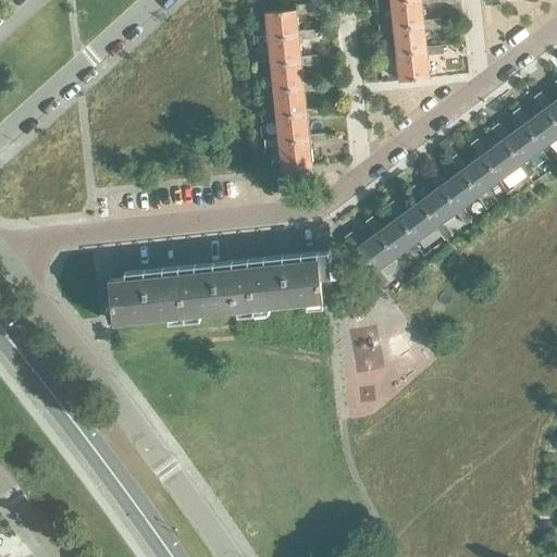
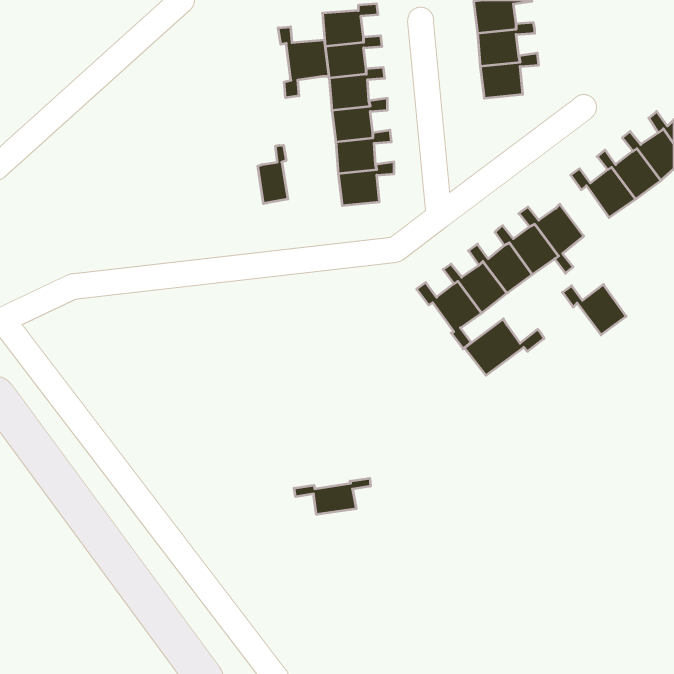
building: none -> [278,27,329,98]
building: none -> [258,145,288,204]
building: [447,156,499,197] -> [562,284,626,335]
building: [107,250,339,324] -> none
building: none -> [464,319,544,375]
building: none -> [294,478,370,514]

